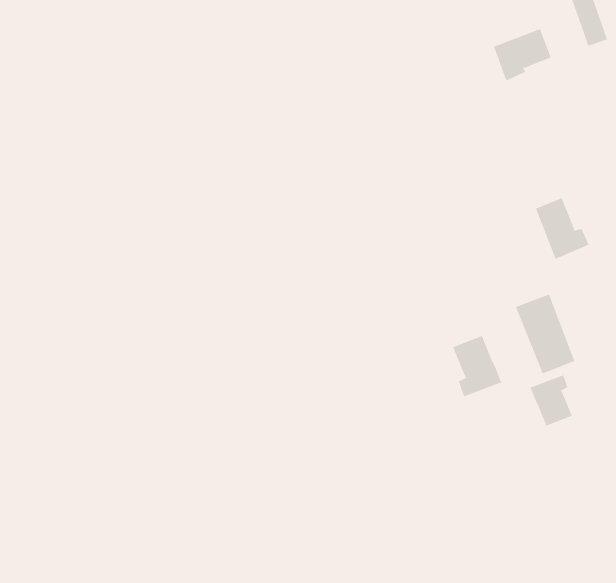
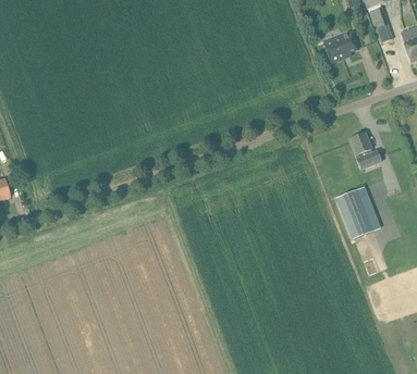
building: [453,335,502,397] -> none
building: [530,374,572,427] -> none

